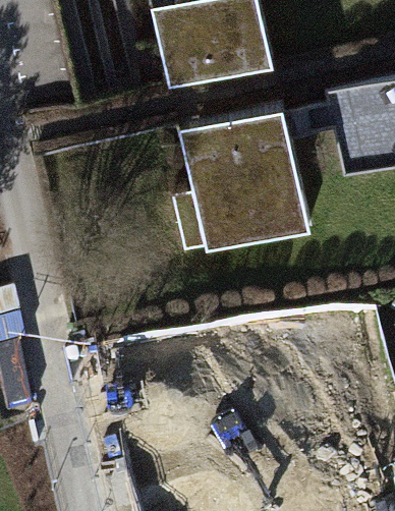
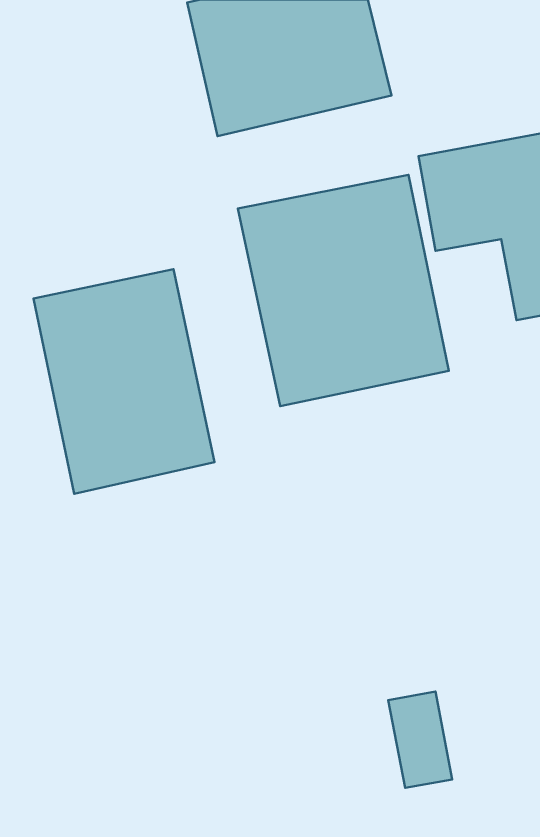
building: none -> [34,269,215,494]

